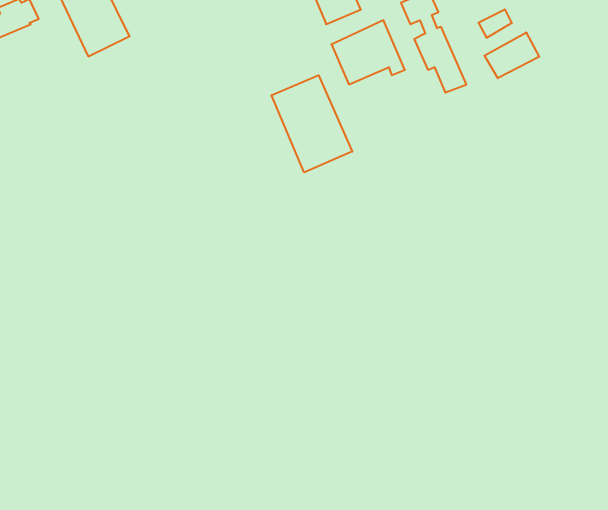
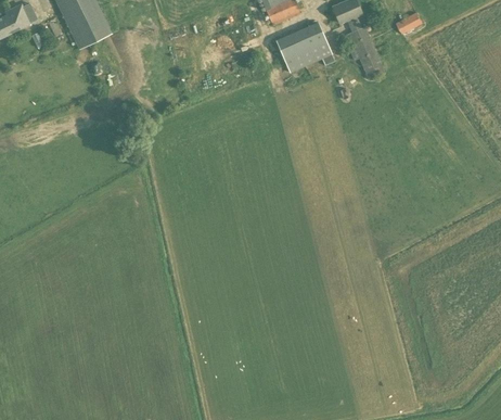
building: [484,32,539,78] -> none
building: [272,75,352,172] -> none

